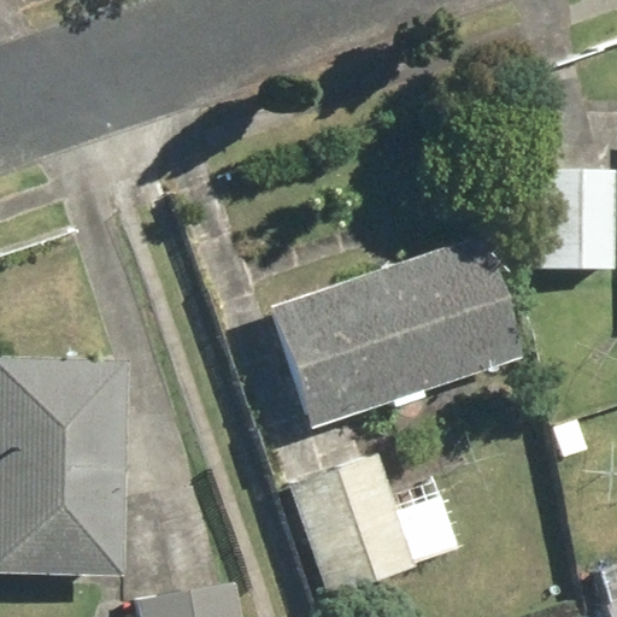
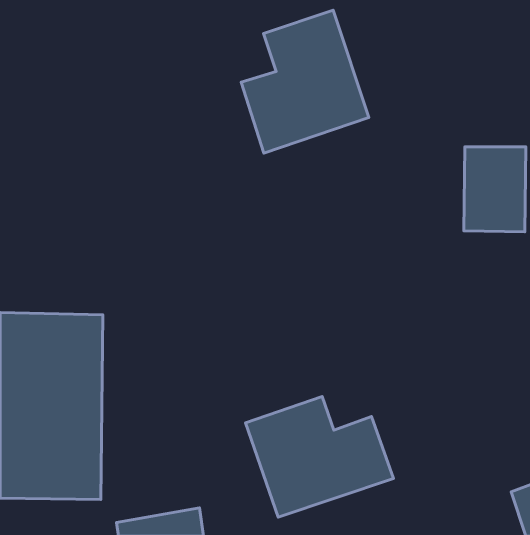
building: none -> [241,10,369,153]
building: [268,234,523,428] -> none

